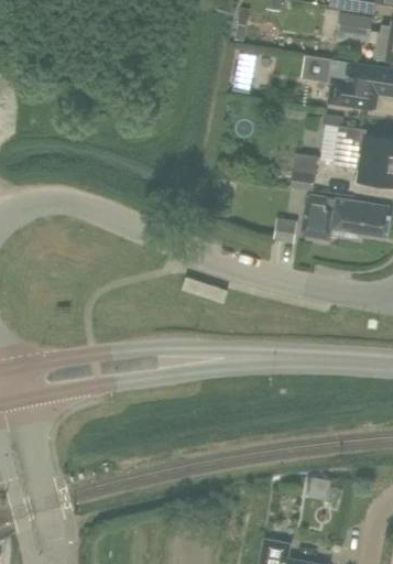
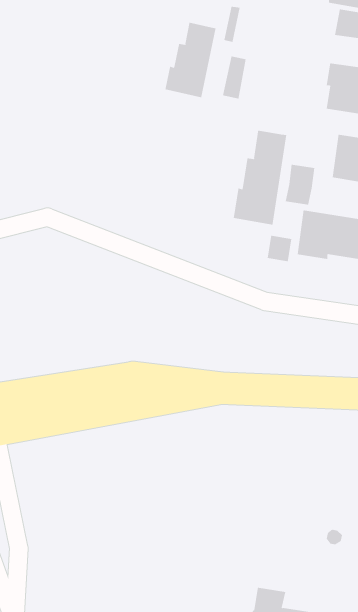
building: none -> [165,22,216,98]
building: [304,55,332,82] -> none
building: none -> [233,130,287,226]

